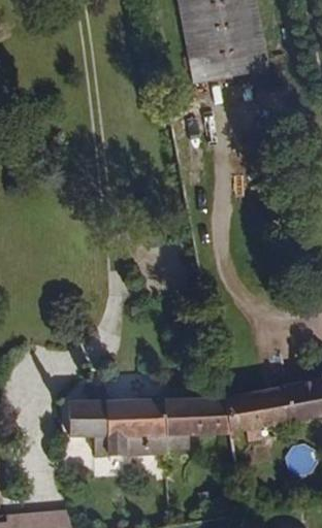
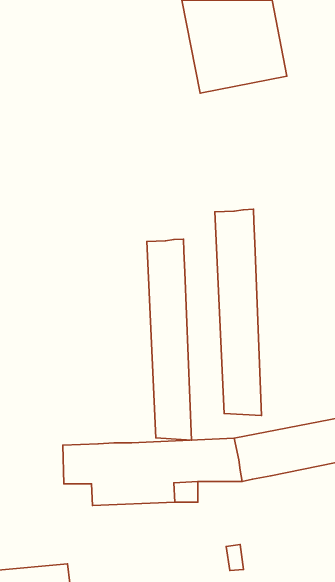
building: none -> [215,209,261,416]
building: none -> [147,239,191,440]

